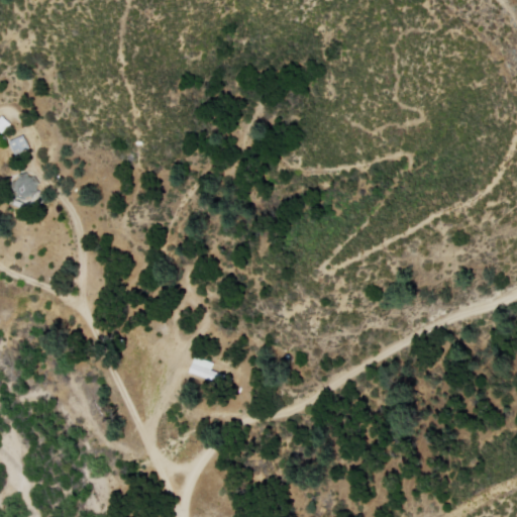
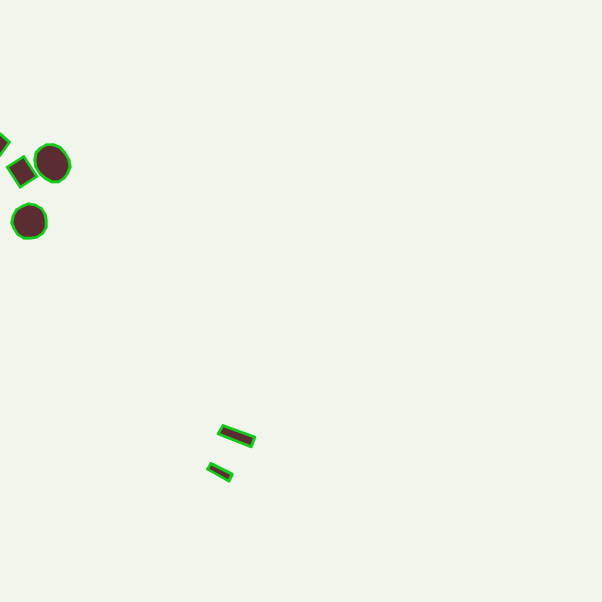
building: none -> [35,145,70,182]

